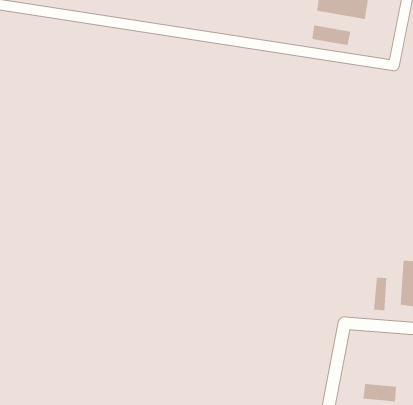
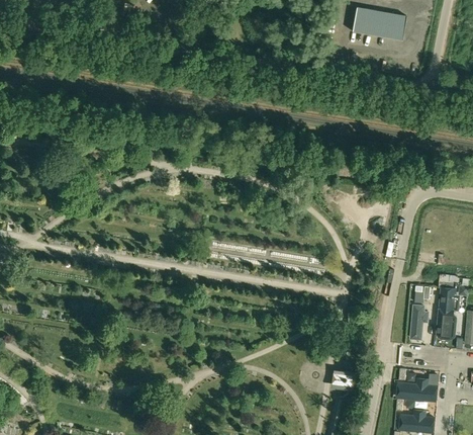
building: [312,24,351,46] -> none
building: none -> [398,380,438,400]

